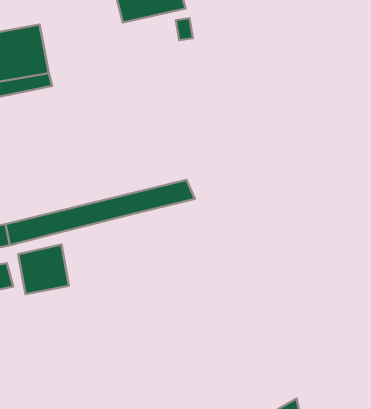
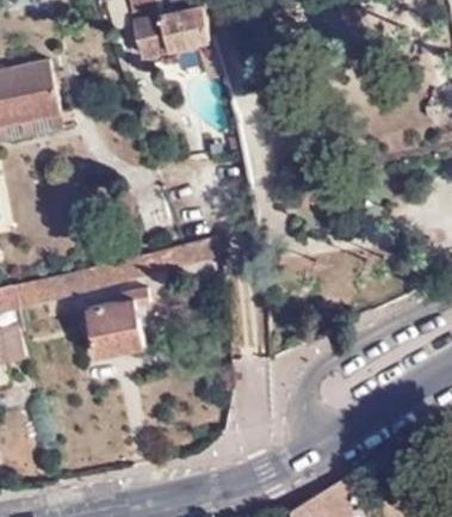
building: [18,245,69,294] -> [85,300,142,356]

